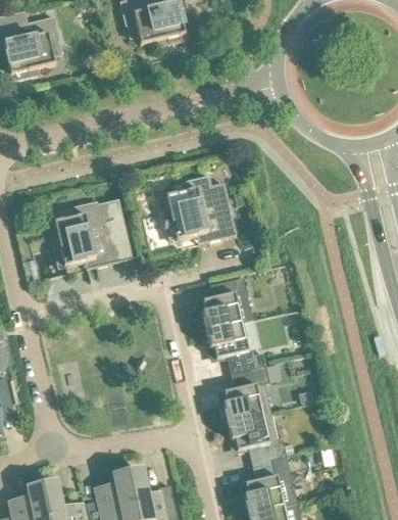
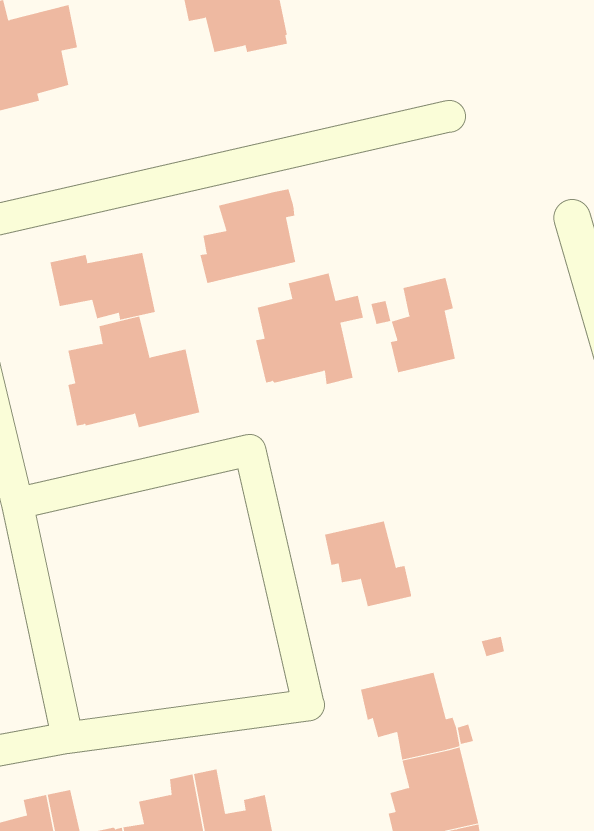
building: none -> [200,188,296,284]
building: none -> [50,252,156,320]
building: none -> [390,277,456,373]
building: [201,277,253,330] -> none
building: [222,365,270,422] -> none

